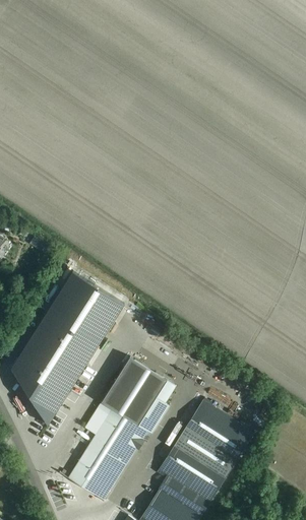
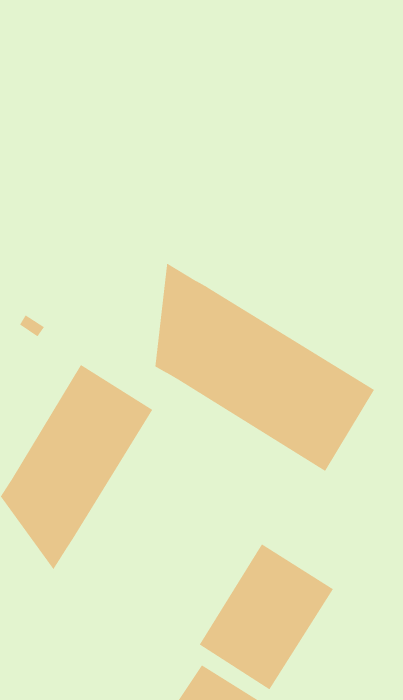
building: none -> [155,262,375,472]
building: [67,356,176,501] -> none

